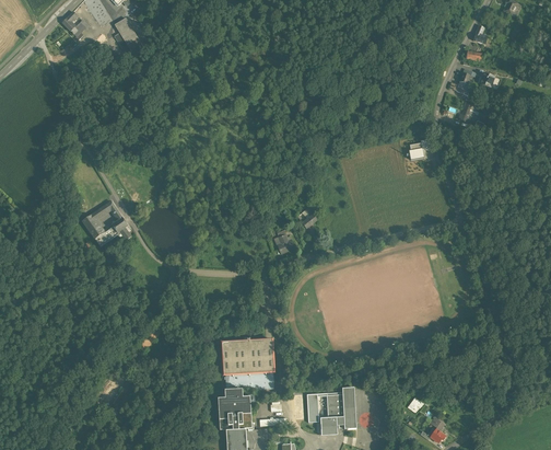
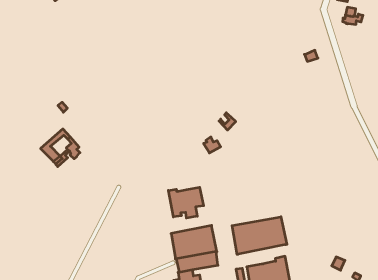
building: none -> [168,187,204,218]
building: none -> [232,217,287,254]

